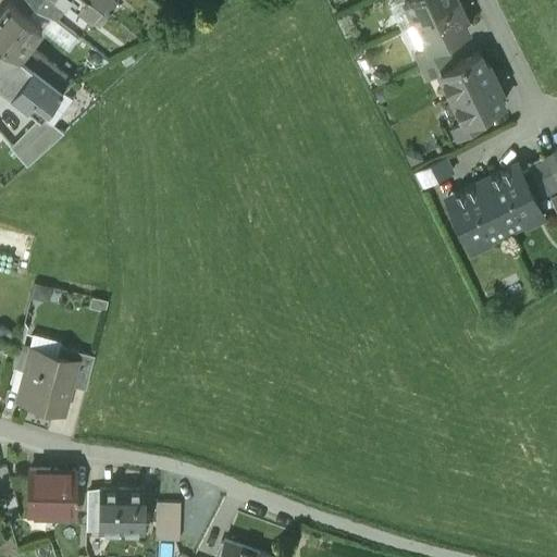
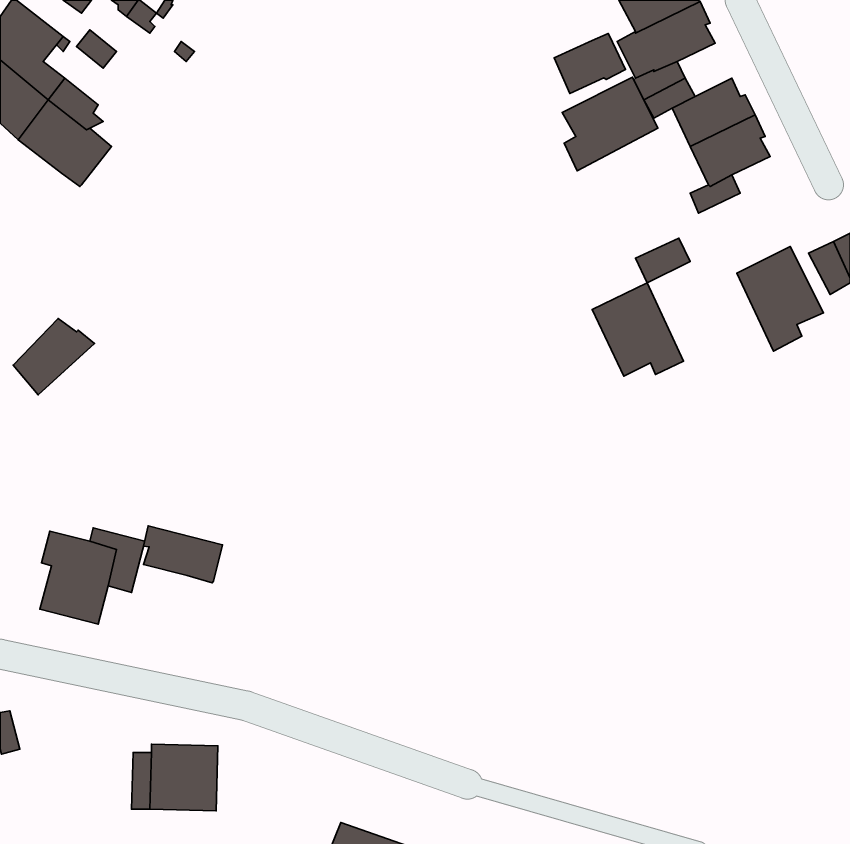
building: none -> [554,34,625,94]
building: none -> [562,77,658,171]
building: [11,117,64,168] -> [13,318,95,395]
building: [446,183,506,244] -> [592,283,684,376]
building: none -> [143,526,222,583]
building: [28,472,75,517] -> none
building: [156,504,181,542] -> none

